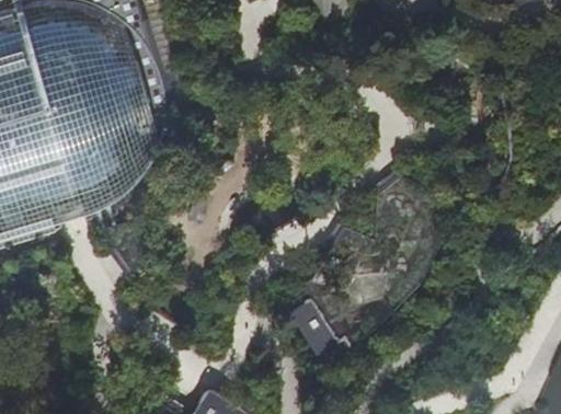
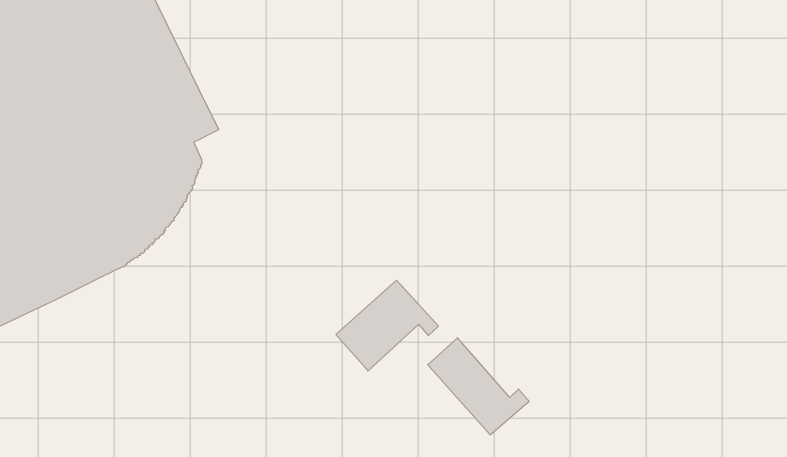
building: none -> [336,280,438,371]

